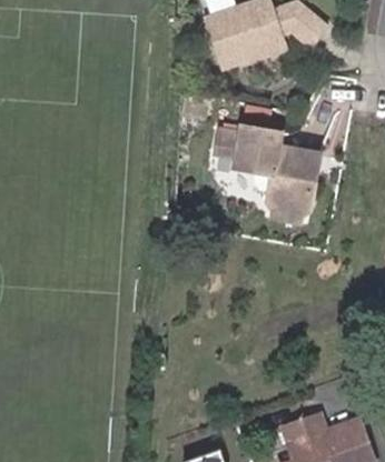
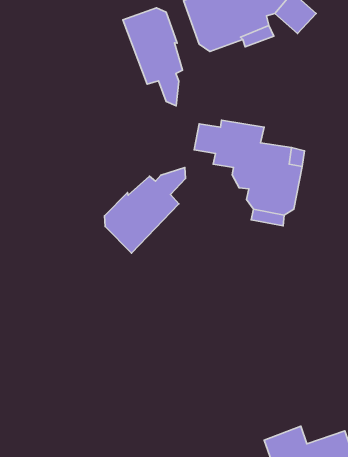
building: none -> [123,8,183,106]
building: none -> [104,168,186,253]

